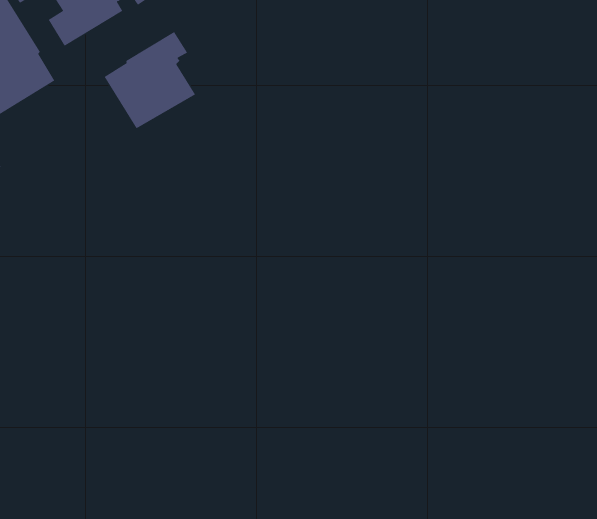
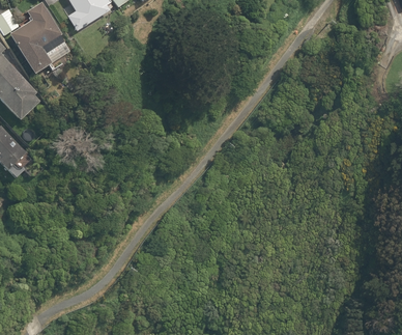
building: [104,31,196,129] -> none

